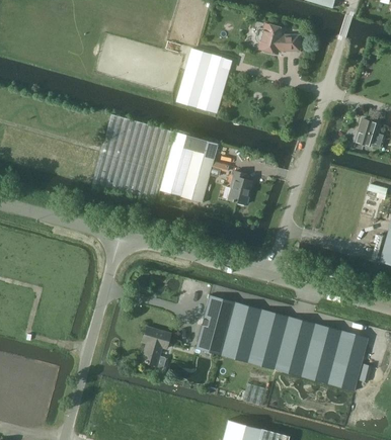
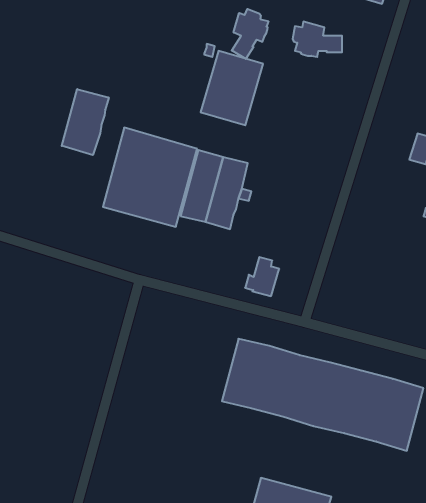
building: none -> [232,9,268,59]
building: none -> [62,89,109,155]
building: [222,171,251,204] -> [245,257,279,296]
building: [141,327,170,367] -> none

